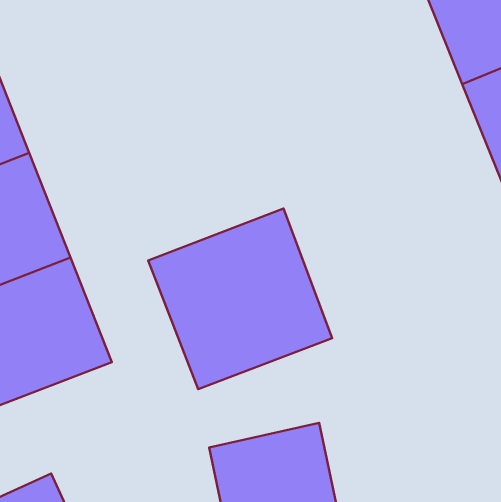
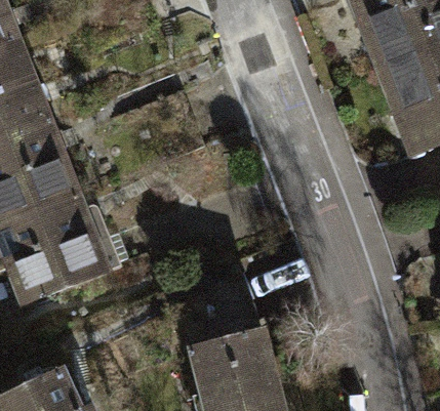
building: [148,208,332,389] -> none

